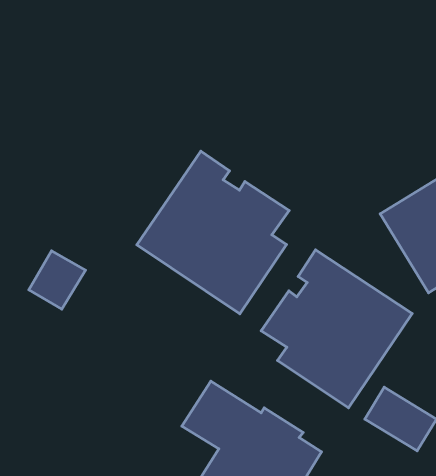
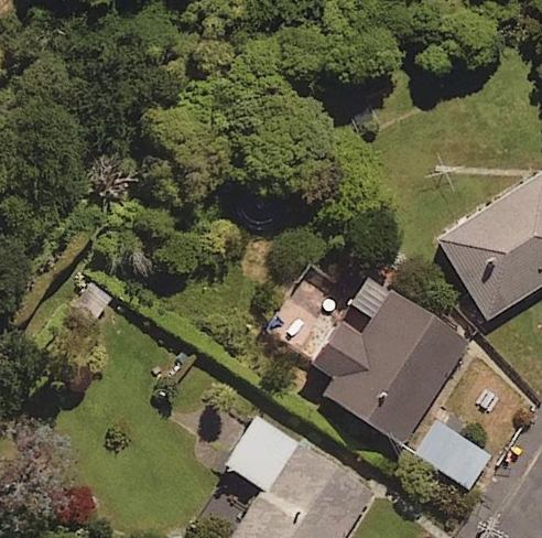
building: [137,151,289,314] -> none

